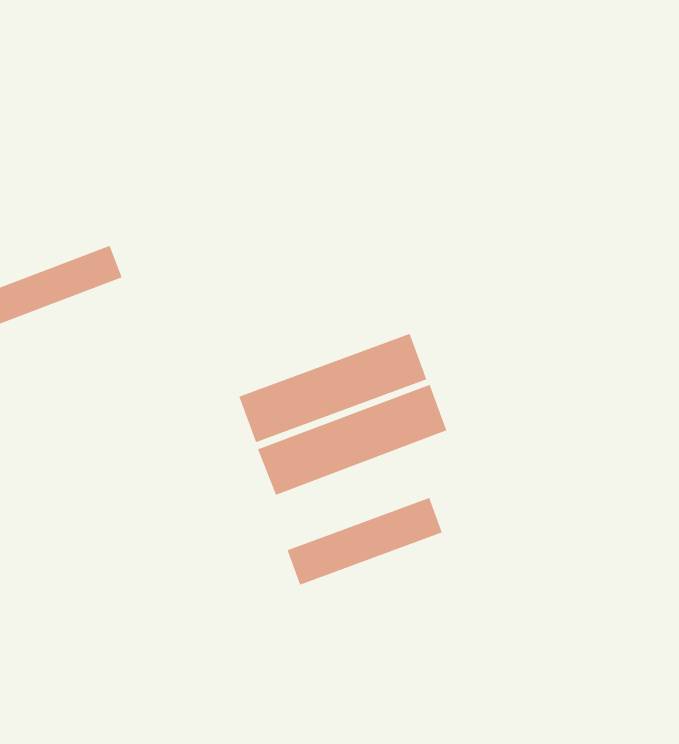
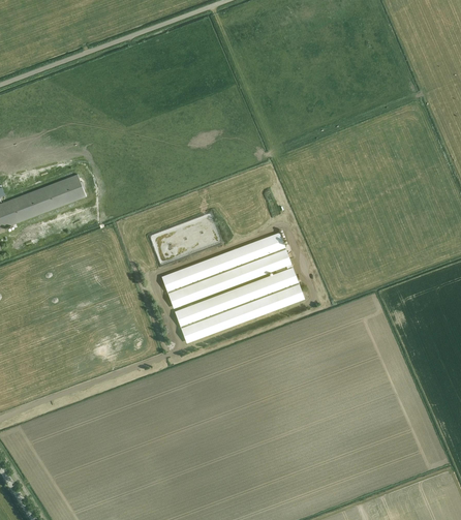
building: [287,497,443,585] -> none

